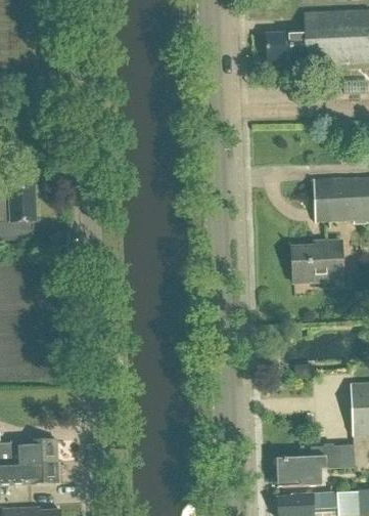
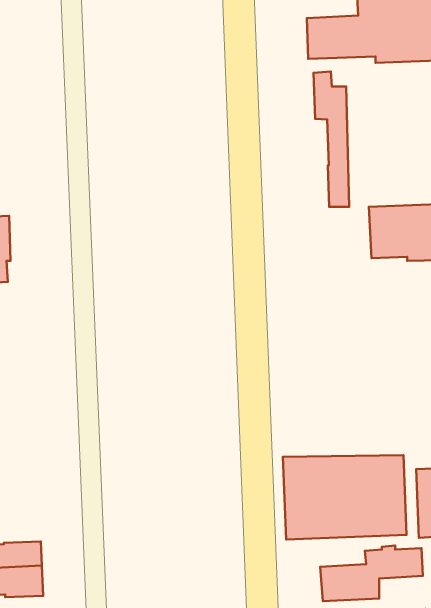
building: none -> [313,72,349,207]
building: [291,240,342,282] -> none
building: none -> [283,455,407,540]

